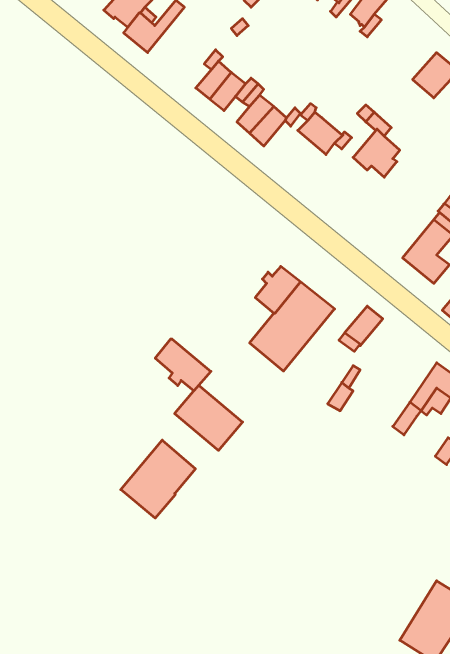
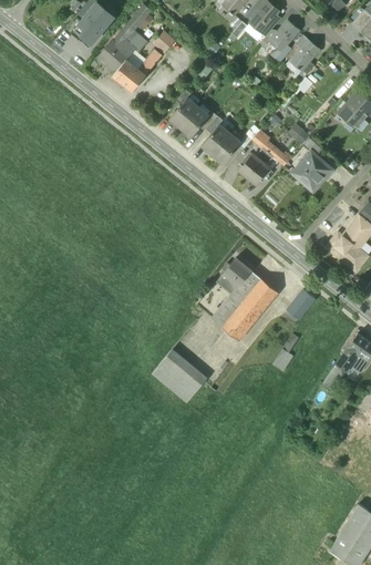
building: none -> [239,152,271,183]
building: [155,339,211,391] -> none
building: [121,440,195,518] -> none

